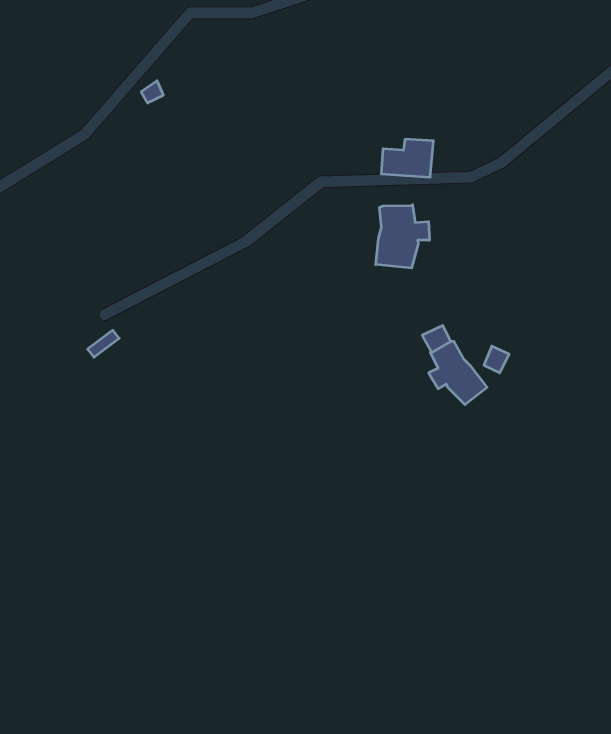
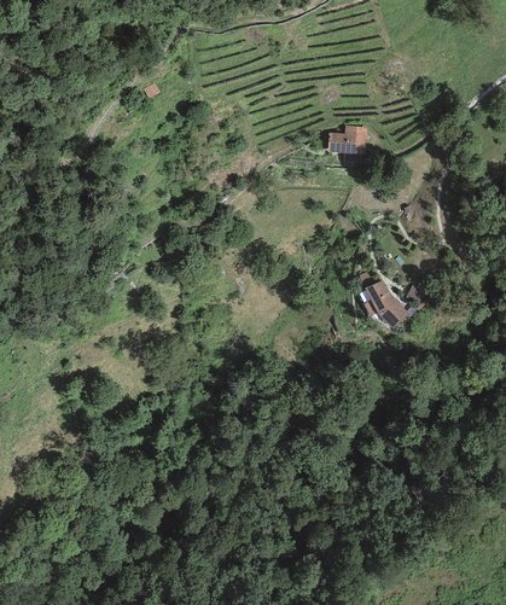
building: [376,205,429,268] -> none

